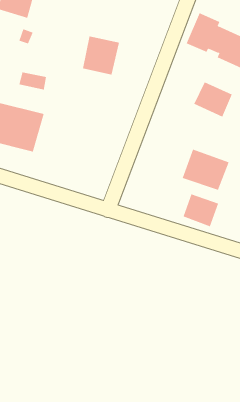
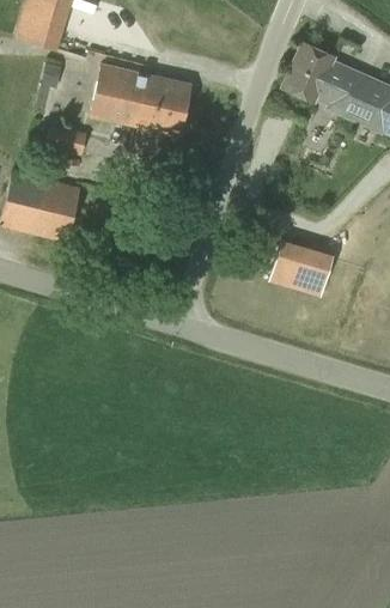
building: none -> [90,65,145,122]
building: [194,82,233,118] -> none
building: [183,194,219,227] -> none

